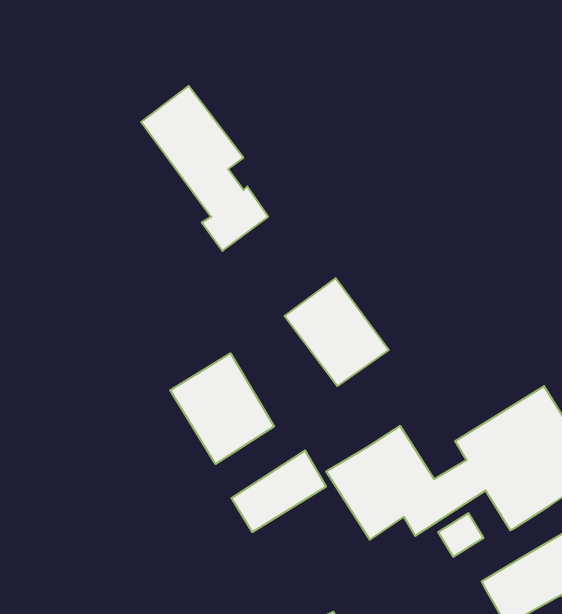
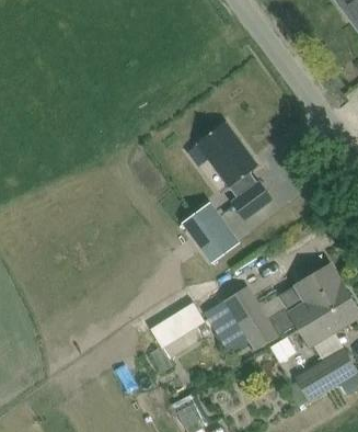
building: [141,86,268,251] -> [198,124,272,219]
building: [170,353,274,464] -> none

